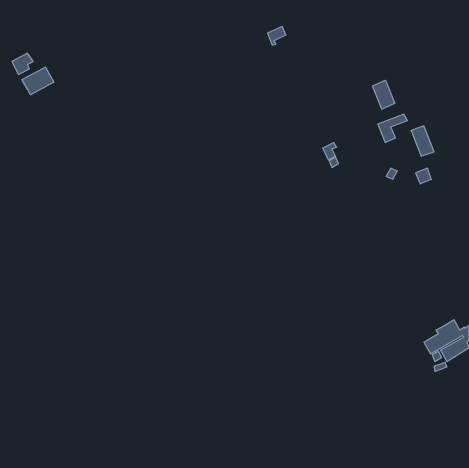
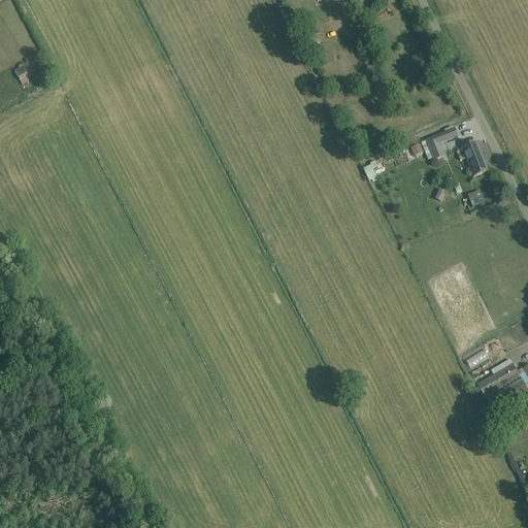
building: [22,67,54,95] -> none
building: [373,80,395,109] -> none

